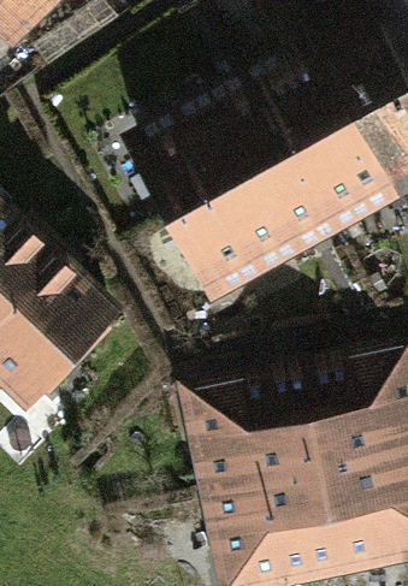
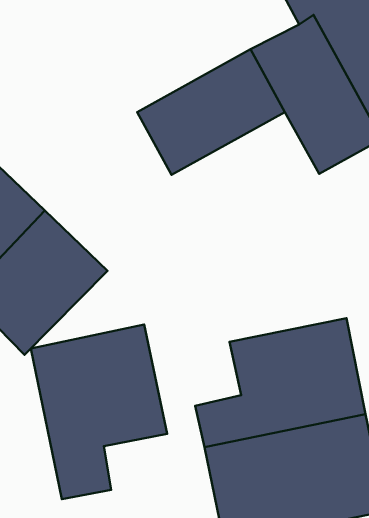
building: [177,161,327,288] -> none
building: none -> [31,324,167,499]

